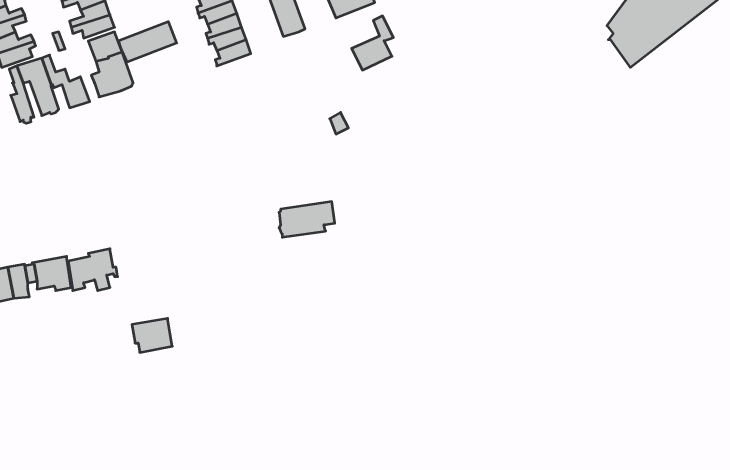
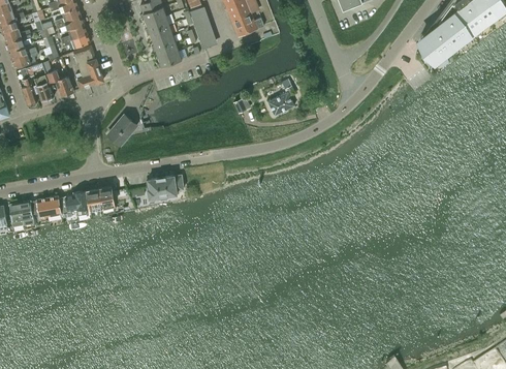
building: [352,16,393,70] -> [266,80,294,116]
building: [119,22,177,62] -> none
building: none -> [107,115,136,146]
building: [279,202,335,237] -> [146,175,183,198]
building: [132,318,172,352] -> [87,186,114,209]

